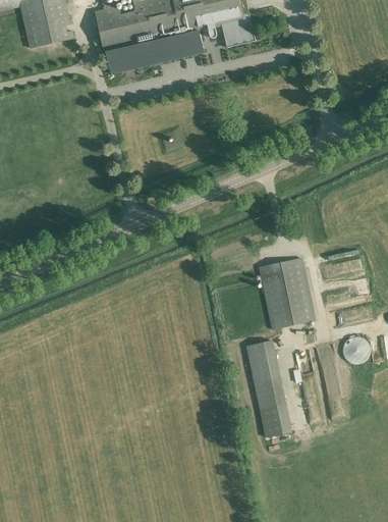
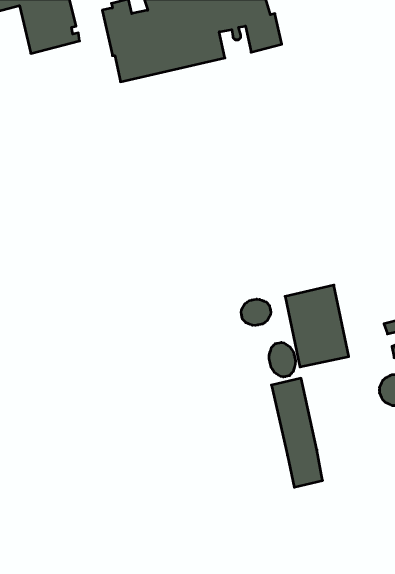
building: none -> [241,299,271,325]
building: none -> [269,342,295,377]

